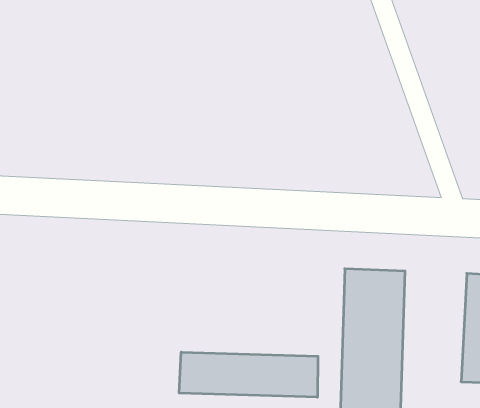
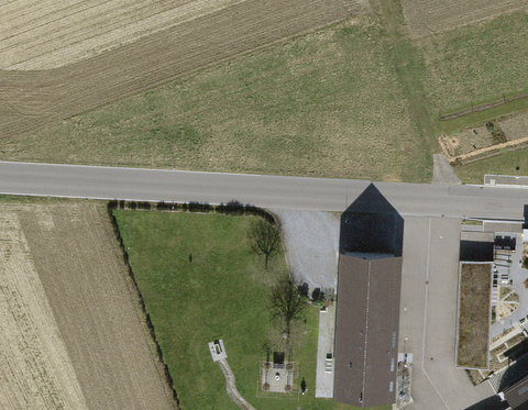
building: [179,352,318,397] -> none

